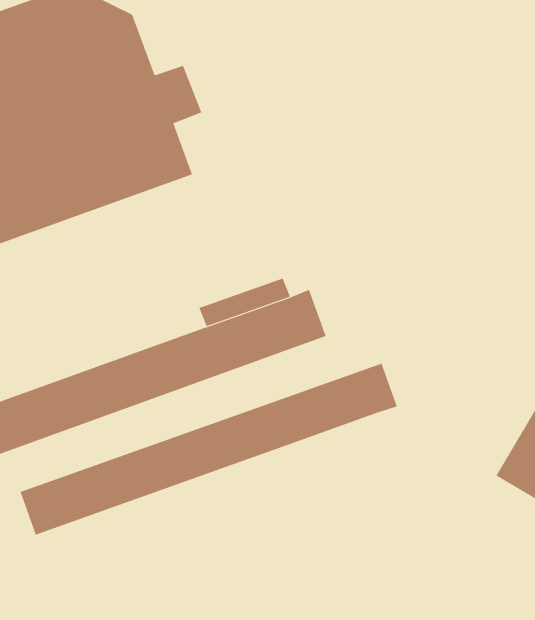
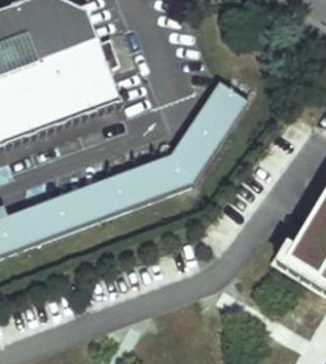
building: none -> [172,82,245,185]
building: [20,363,398,536] -> none

